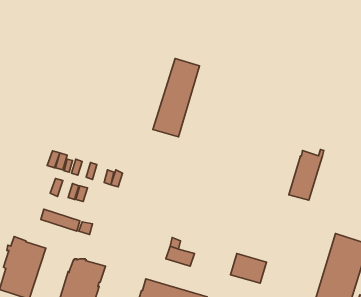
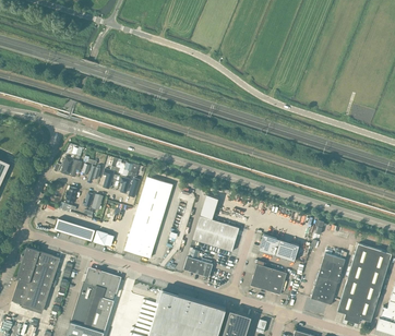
building: [153,58,200,137] -> [124,177,172,257]
building: [289,149,324,200] -> [311,252,347,304]
building: none -> [192,216,239,252]
building: none -> [259,235,299,262]

